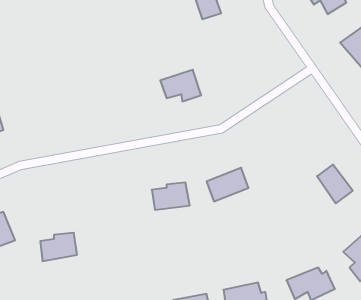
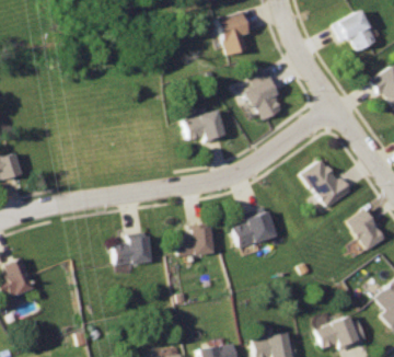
building: none -> [247,70,283,119]
building: none -> [303,160,354,208]
building: [40,233,77,261] -> [113,234,151,264]

